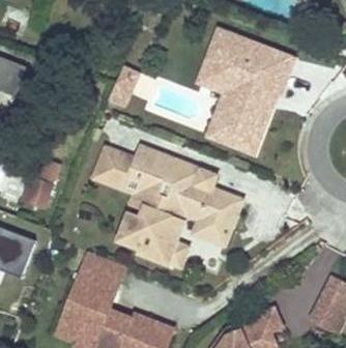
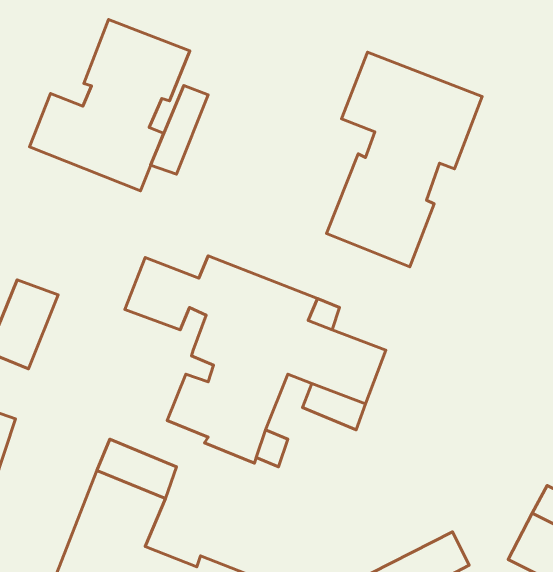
building: none -> [30,20,190,191]
building: [200,28,235,91] -> none

